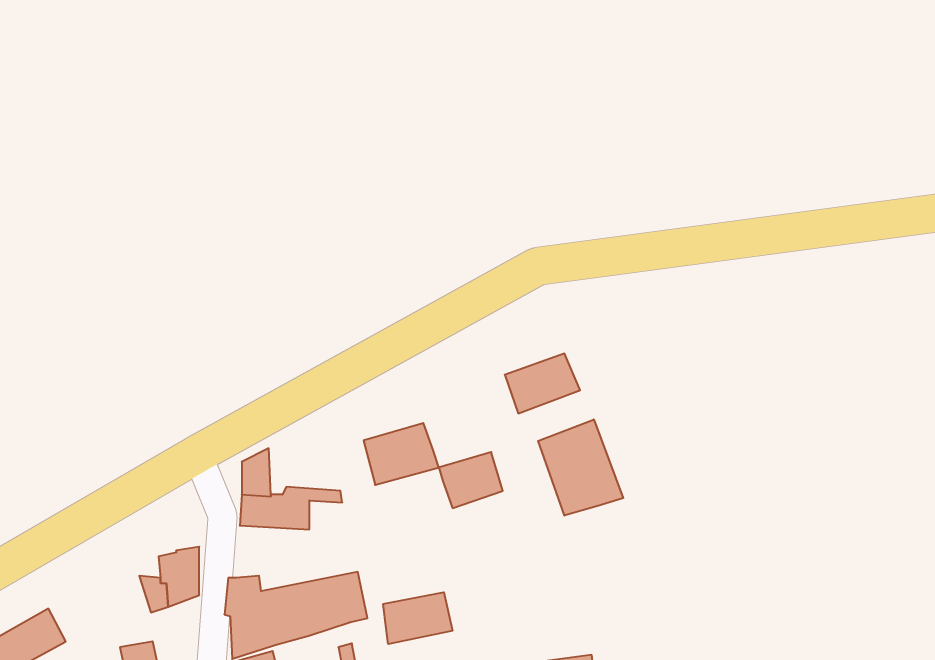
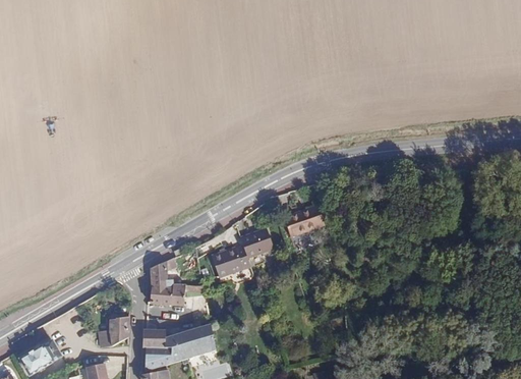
building: [538,419,623,516] -> none
building: [439,452,503,508] -> [244,231,278,261]
building: [383,592,452,644] -> none

